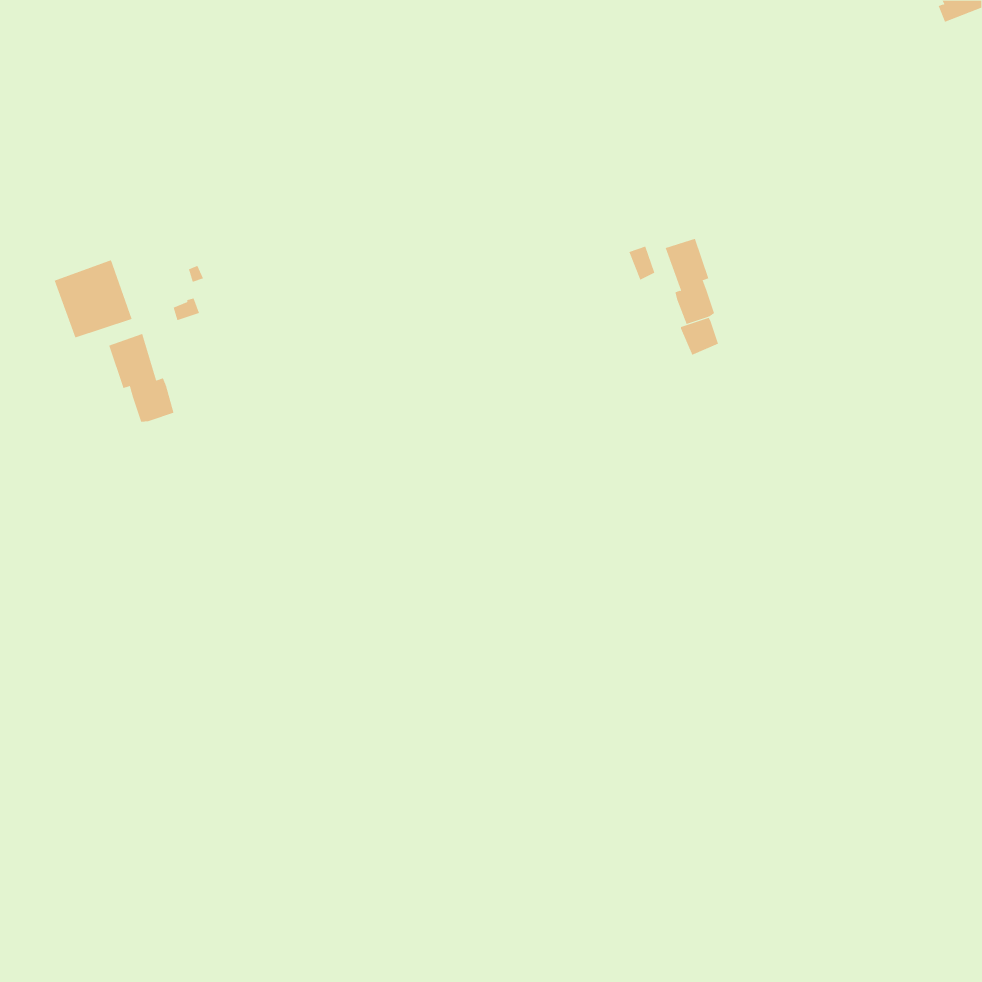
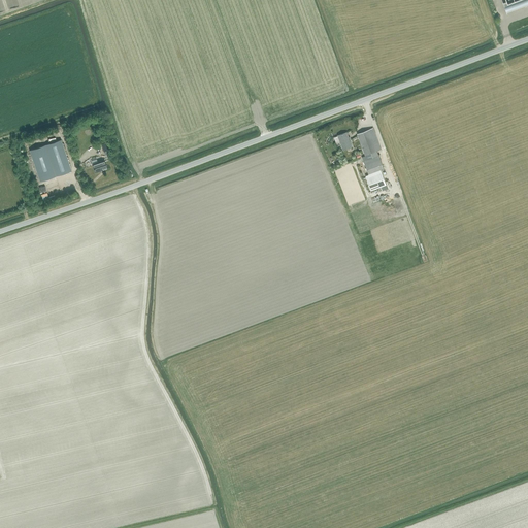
building: [108,333,174,422] -> none

